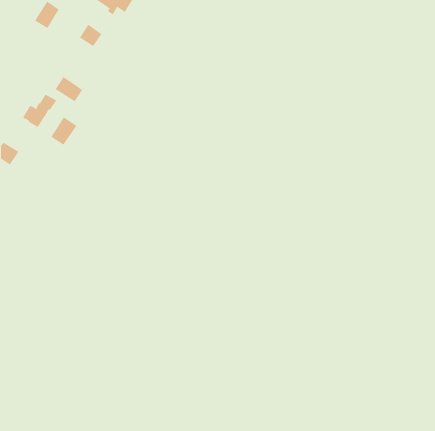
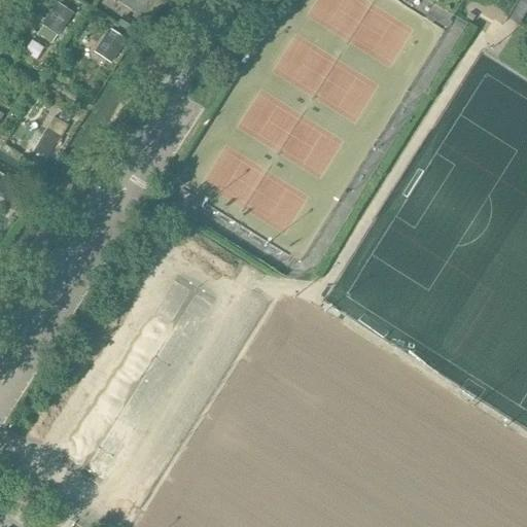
building: [55,76,83,102] -> none
building: [50,117,77,145] -> none

